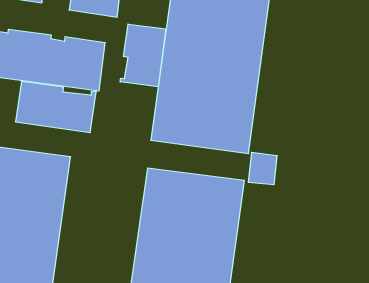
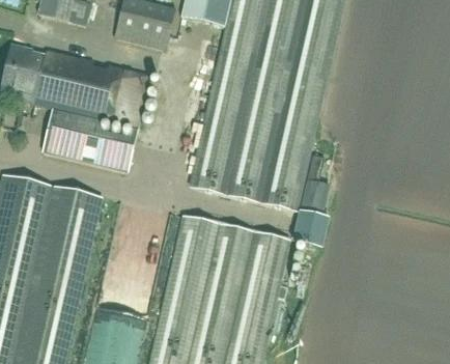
building: [120,24,166,87] -> none
building: none -> [303,178,330,208]

